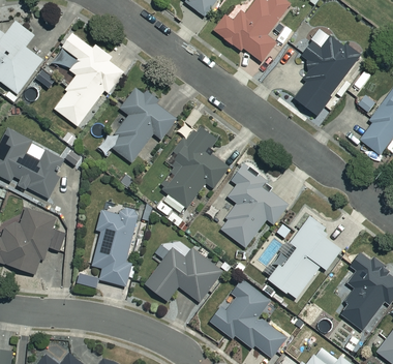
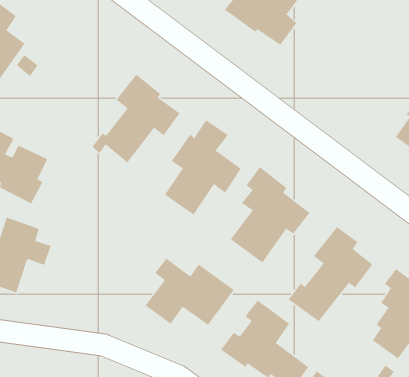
building: [295,30,358,114] -> none
building: [54,33,124,126] -> none
building: [92,207,139,285] -> none

